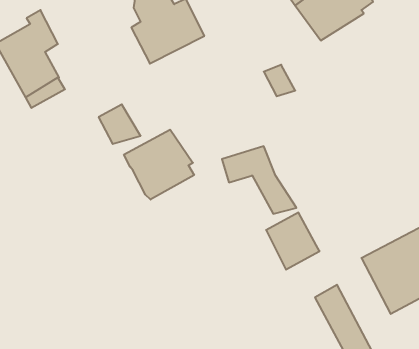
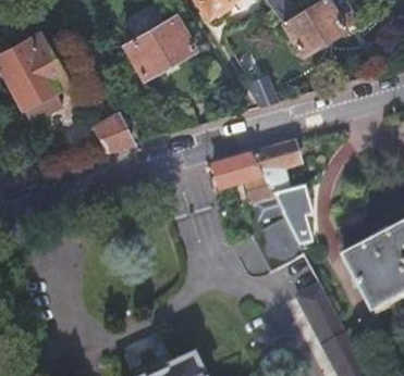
building: [124,130,194,200] -> none
building: none -> [250,140,313,245]

